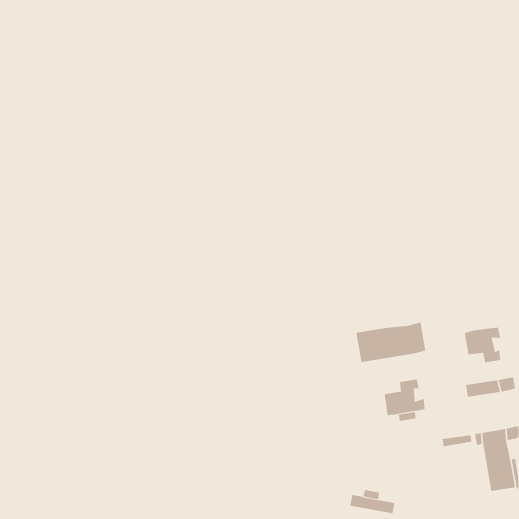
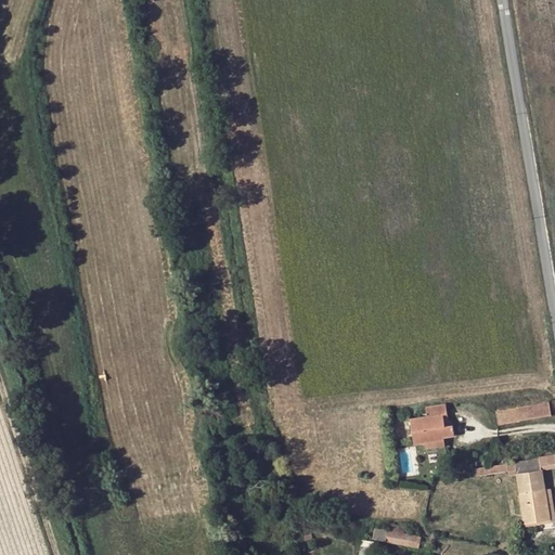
building: [356,322,426,363] -> none
building: [464,327,501,363] -> none

